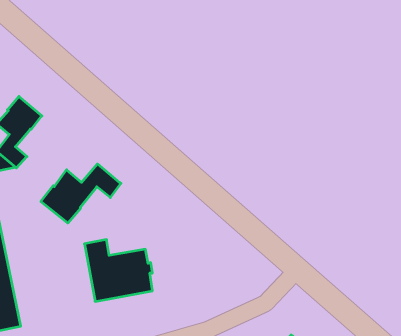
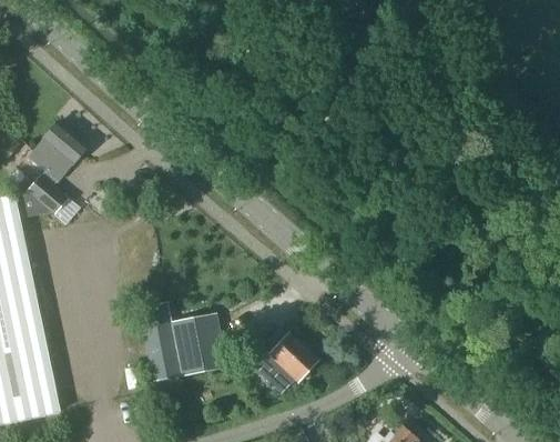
building: [41,164,121,223] -> none
building: none -> [250,332,319,394]

